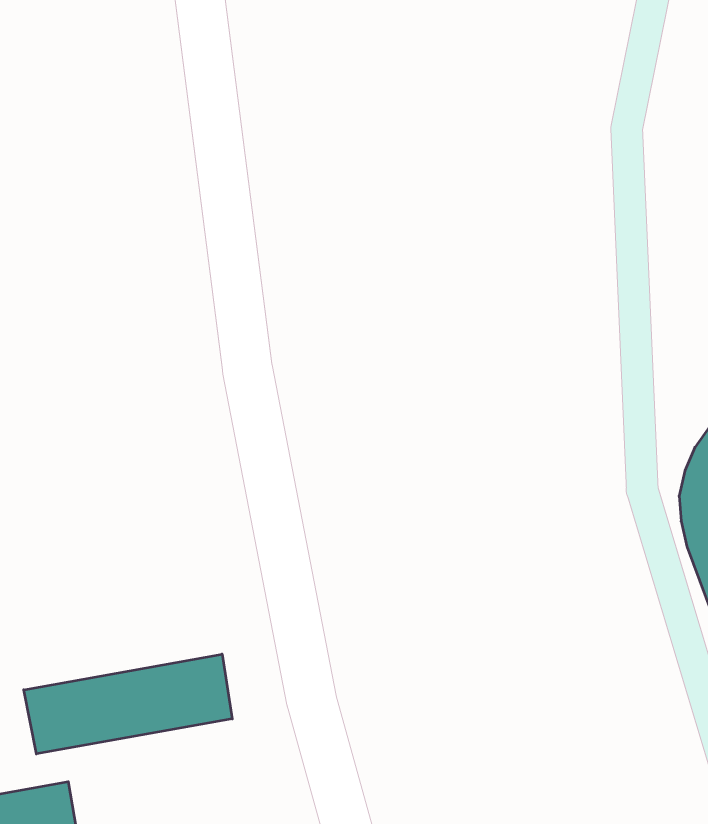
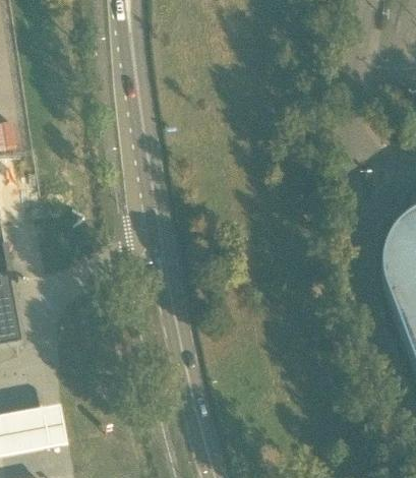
building: [24,654,232,754] -> none

